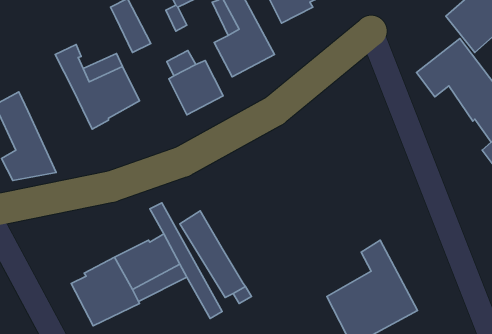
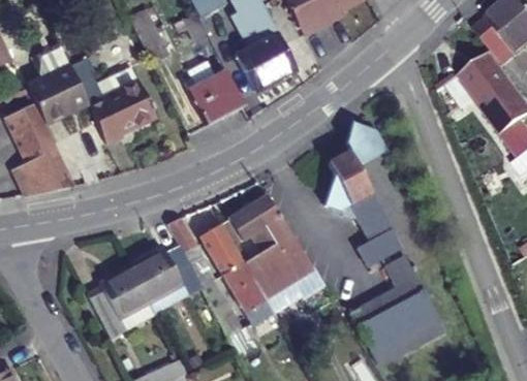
building: none -> [25,42,90,123]
building: none -> [322,124,399,269]
building: none -> [229,198,312,299]

